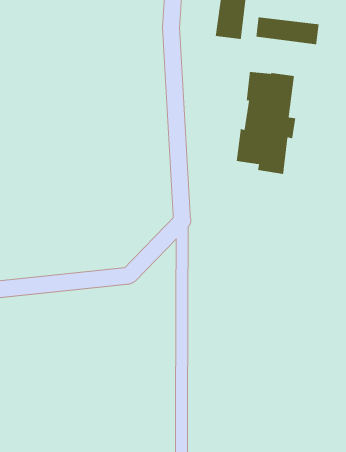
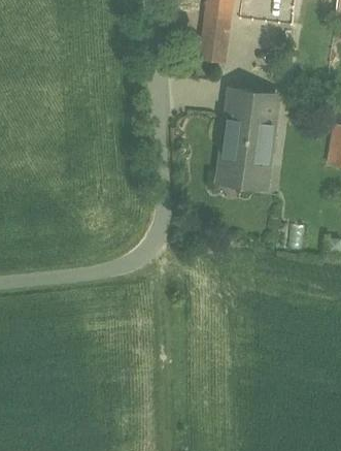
building: [255,17,319,45] -> none

